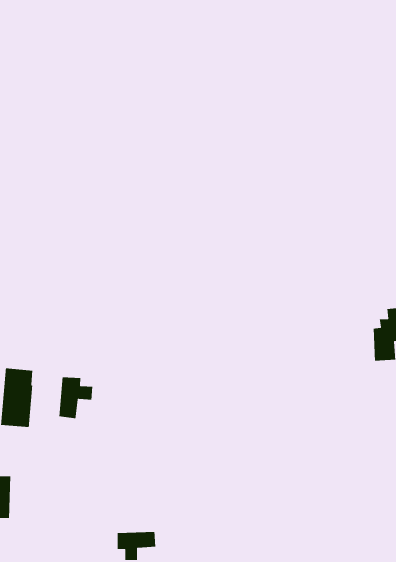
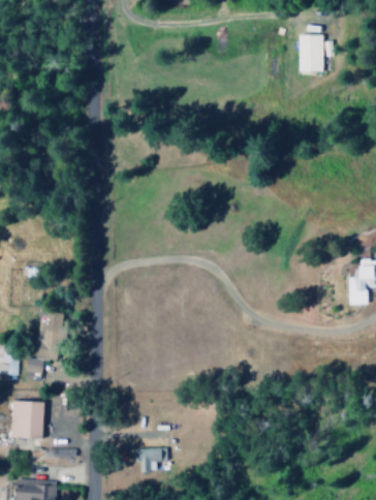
building: none -> [297,35,322,72]
building: [58,377,93,419] -> none

